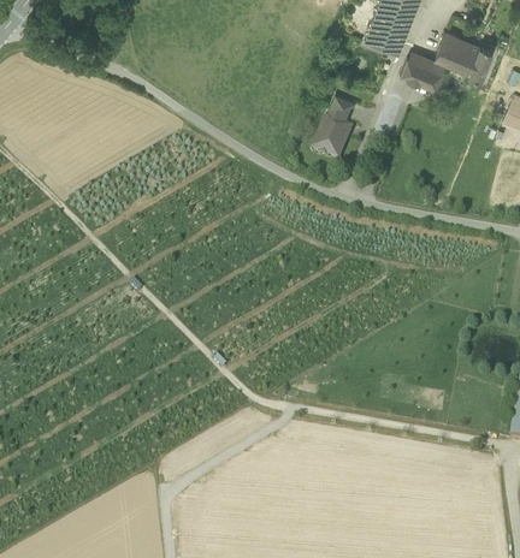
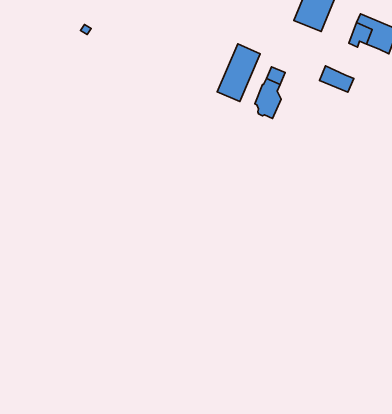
building: [400,58,442,90] -> [319,66,354,92]
building: none -> [217,44,260,102]

